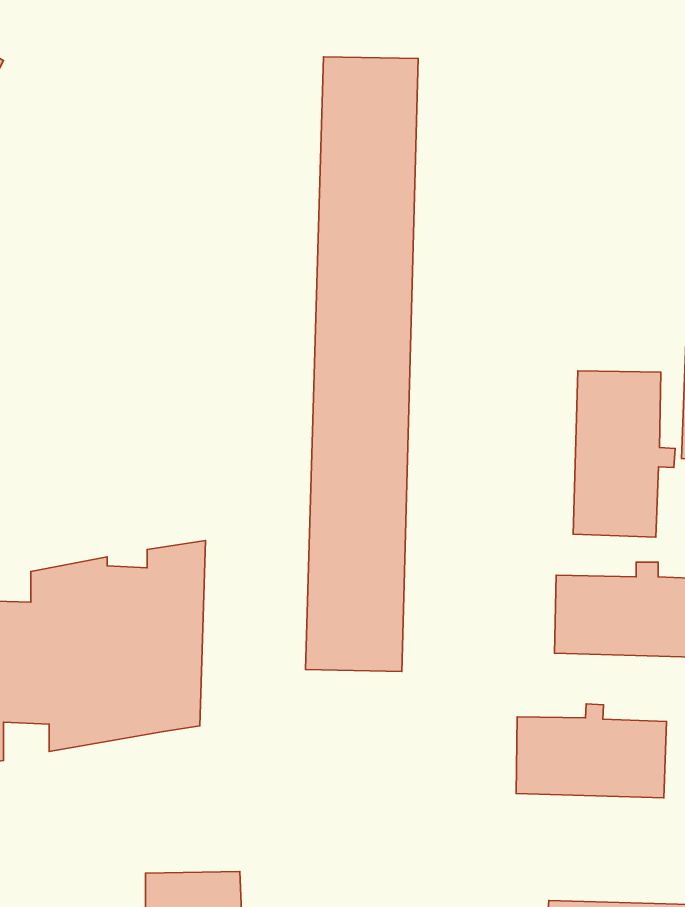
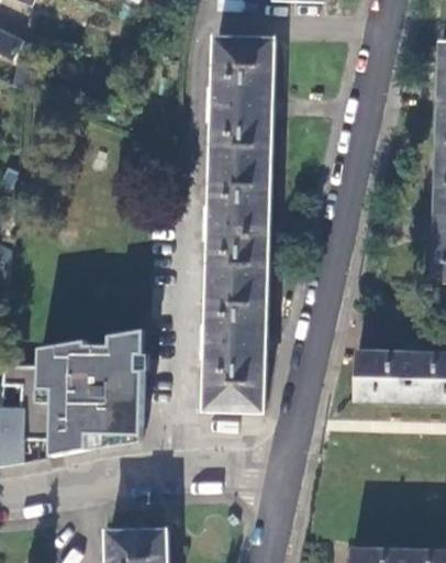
building: [573,371,675,537] -> none
building: [516,704,666,798] -> none

